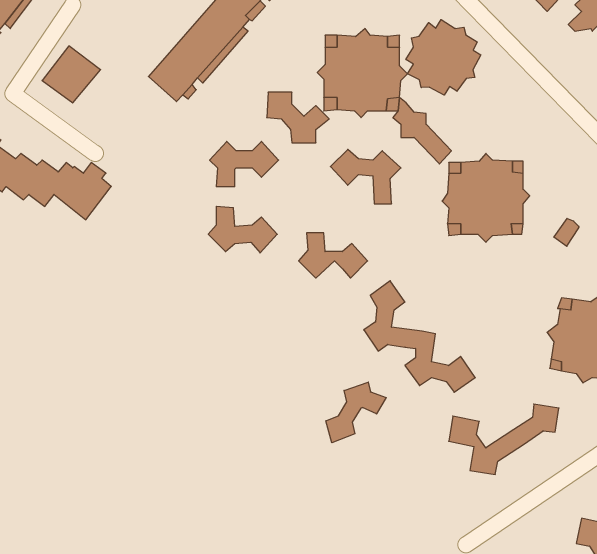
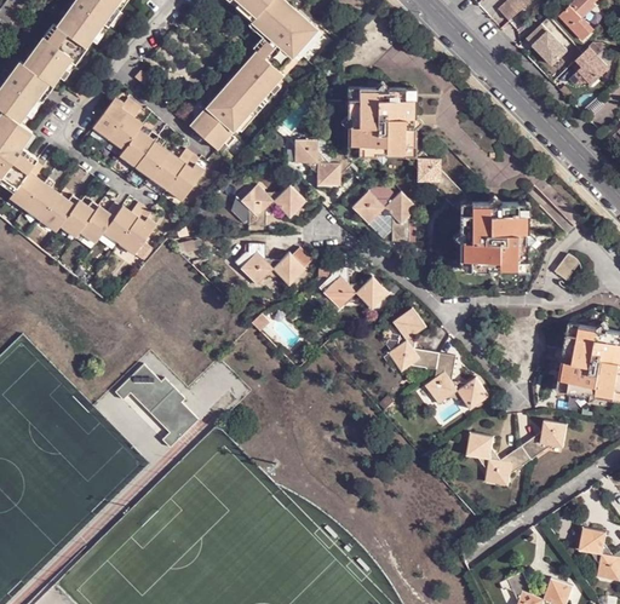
building: [406,20,481,95] -> none
building: none -> [117,127,201,197]
building: none -> [113,363,196,448]
building: [326,382,386,443] -> none

